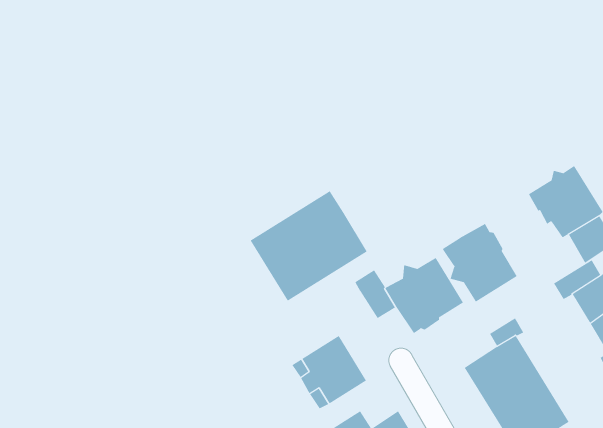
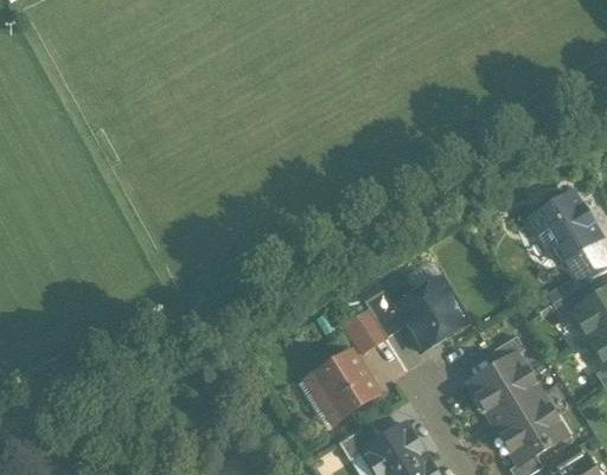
building: [250,191,367,301] -> none
building: [442,223,518,302] -> none
building: none -> [346,312,386,353]

